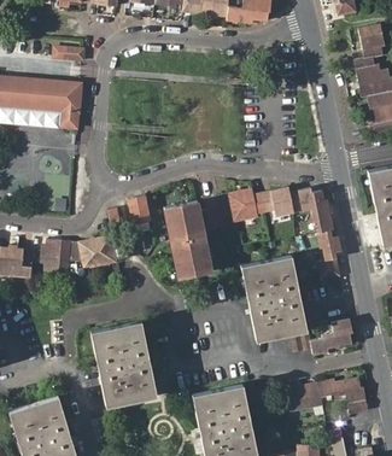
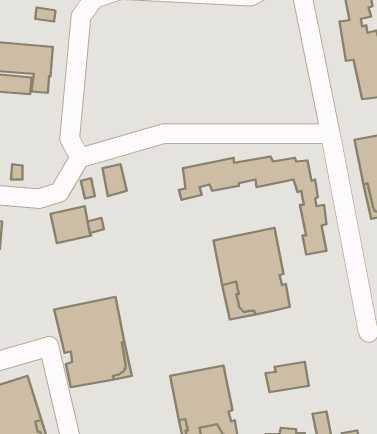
building: [157,201,212,281] -> none
building: [40,239,70,279] -> none
building: [311,318,356,355] -> none
building: [321,374,370,415] -> none

